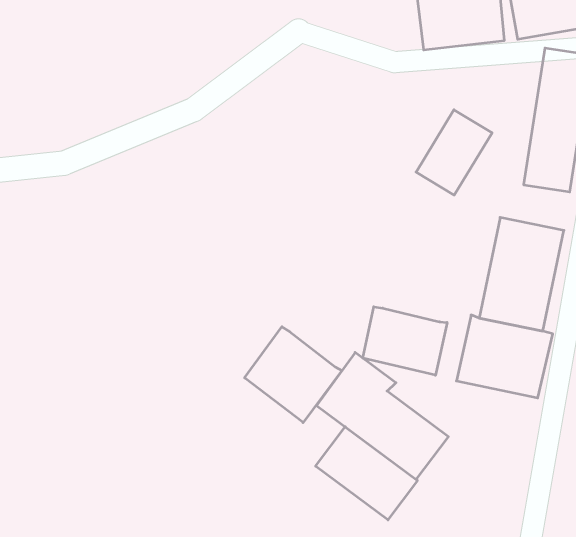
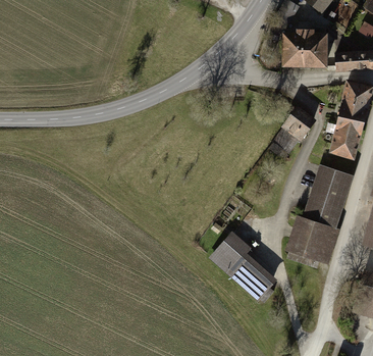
building: [363,307,447,375] -> none
building: [245,327,342,423] -> none
building: [316,427,417,520] -> none

